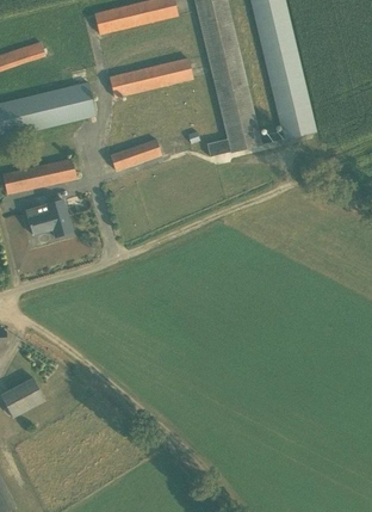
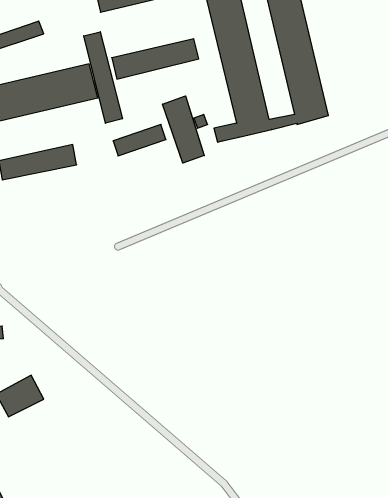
building: none -> [84,32,123,123]
building: none -> [163,96,204,163]
building: [25,198,72,238] -> none

